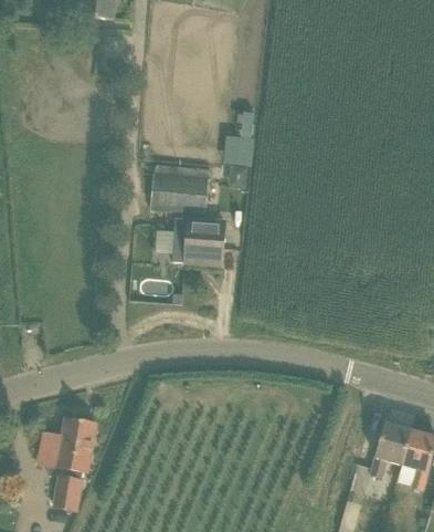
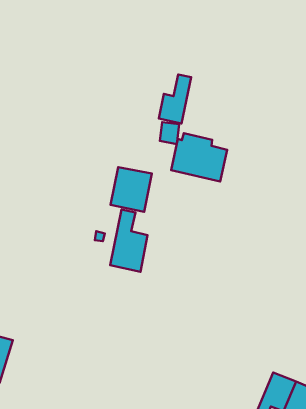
building: [149,166,208,213] -> [171,133,227,181]
building: none -> [110,210,147,272]

